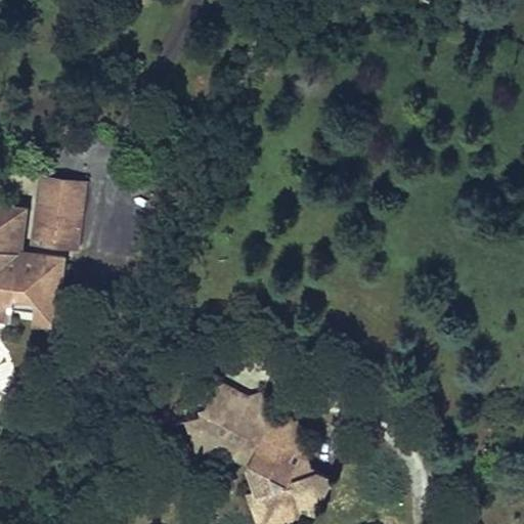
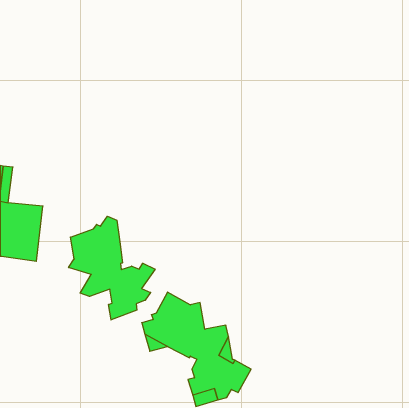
building: [28,187,83,260] -> none
building: none -> [69,216,155,320]

